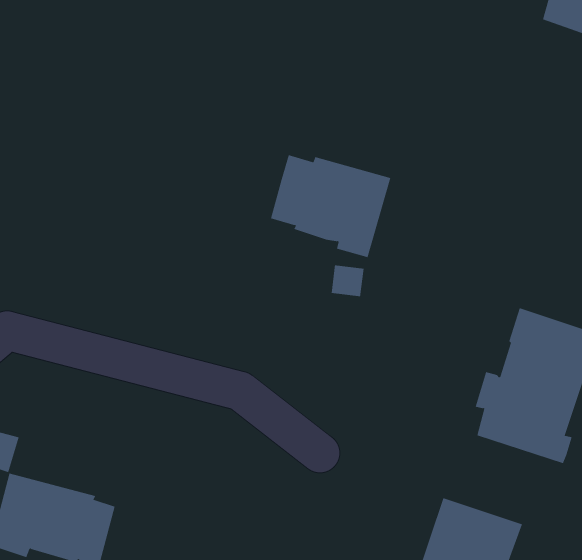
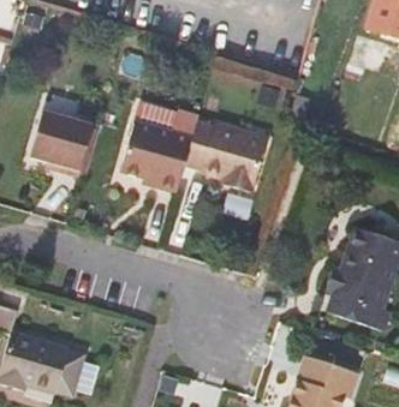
building: none -> [121,100,200,190]
building: none -> [31,107,94,173]

